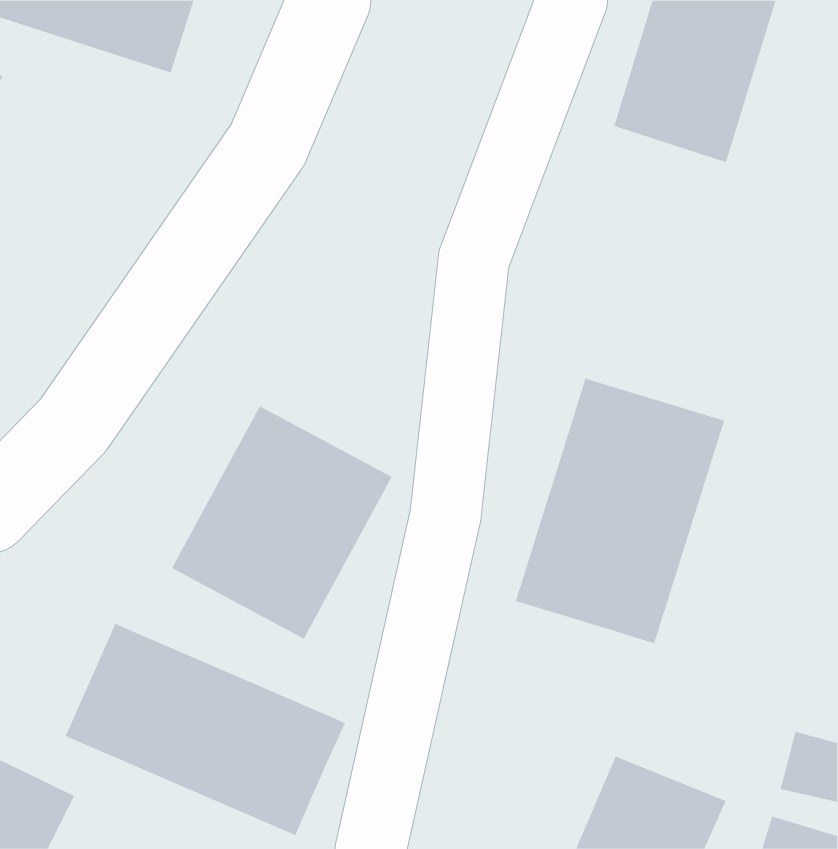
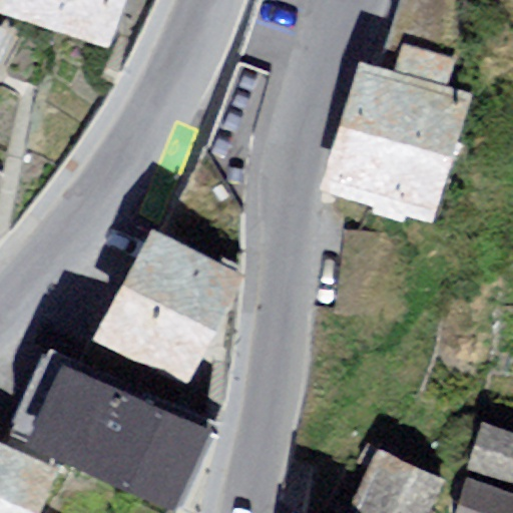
building: none -> [322,72,456,215]
building: [515,378,725,644] -> none

